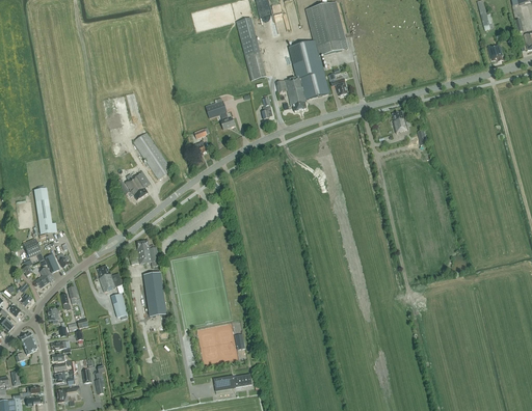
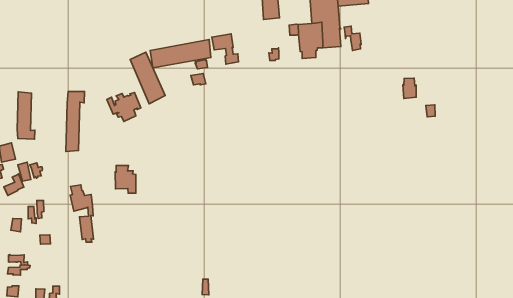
building: none -> [150,39,211,68]
building: none -> [66,91,84,151]
building: [143,271,166,316] -> none

